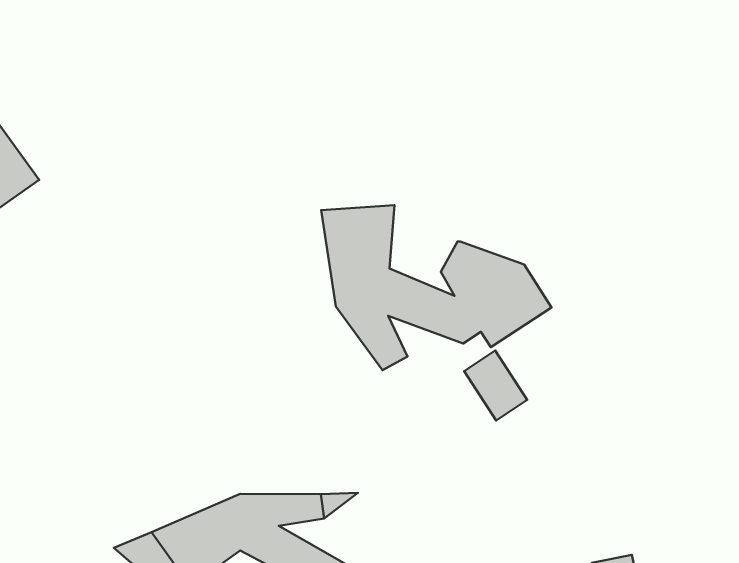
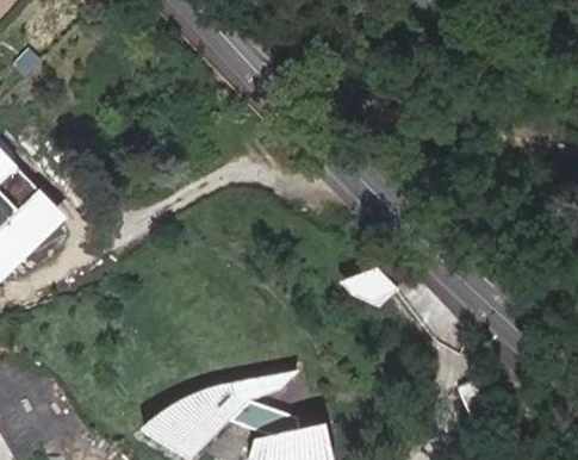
building: [321,205,552,370] -> none

